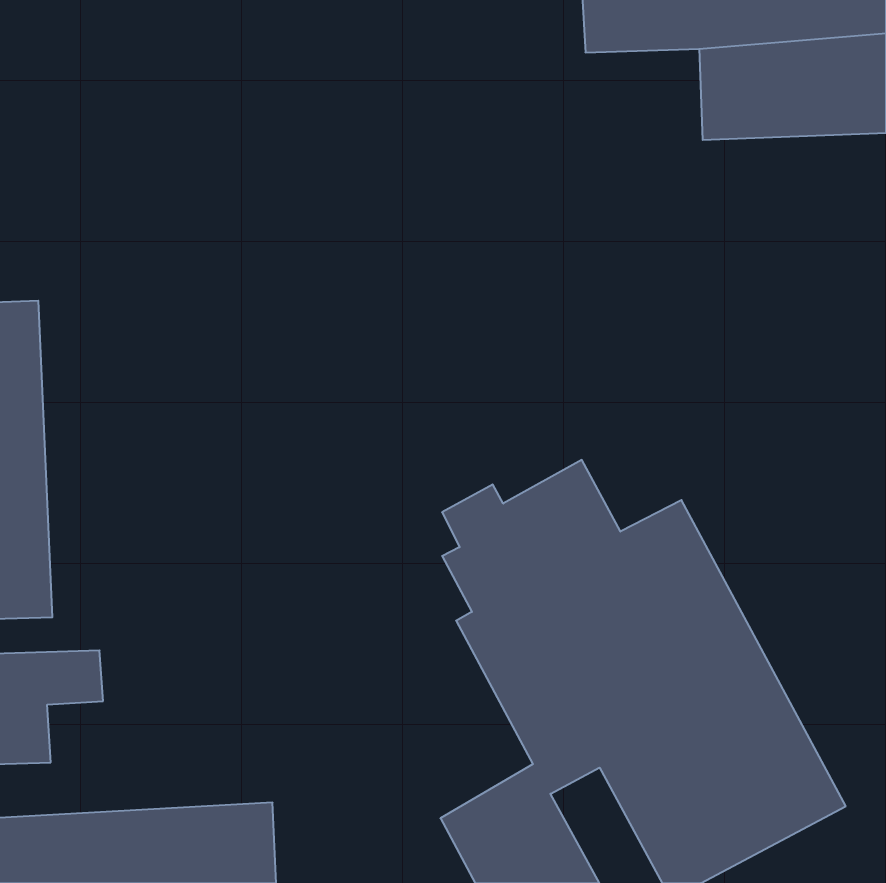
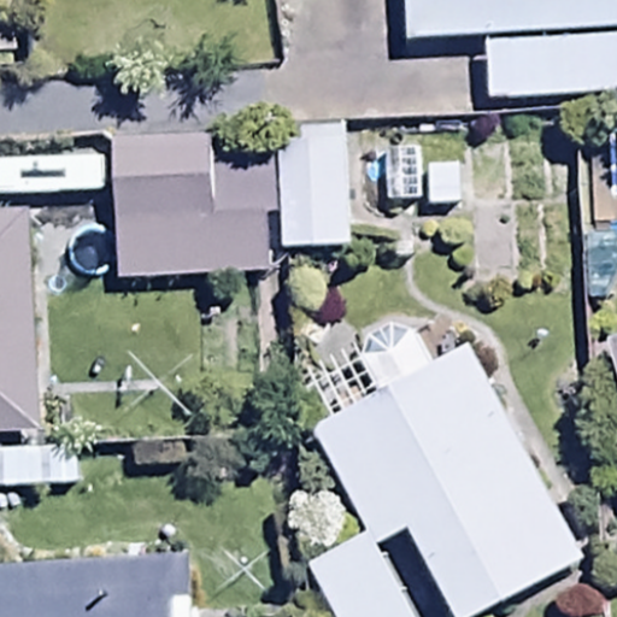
building: none -> [275,123,349,246]
building: none -> [108,136,271,275]

